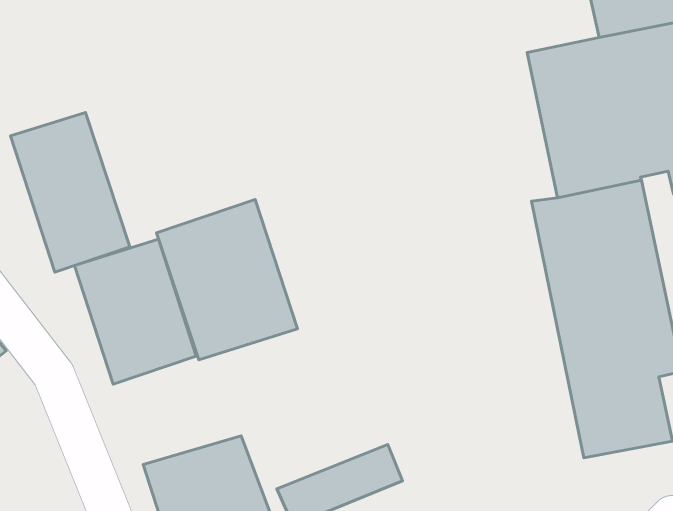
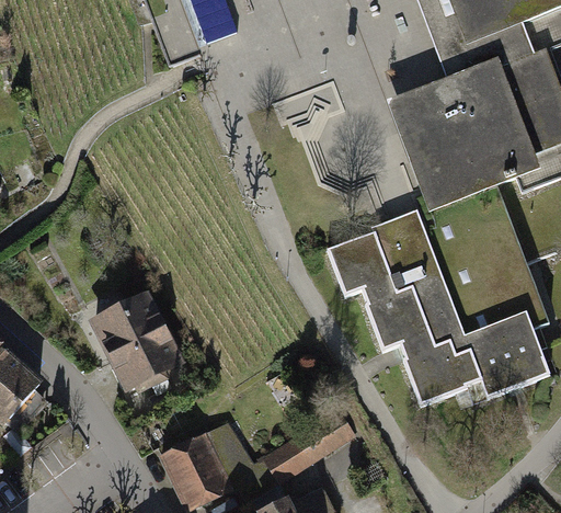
building: [10,112,130,272] -> none
building: [156,199,297,360] -> none
building: none -> [327,214,480,406]

